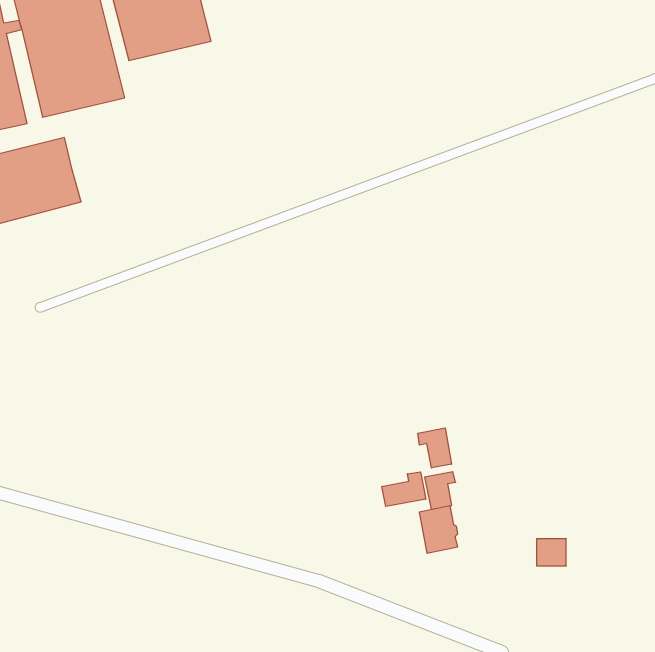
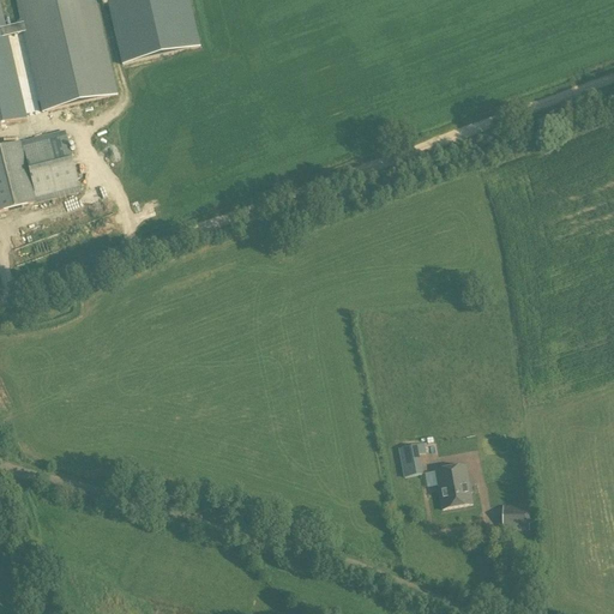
building: [418,428,452,468] -> none
building: [382,472,426,506] -> none
building: [419,506,458,553] -> [435,464,471,508]

